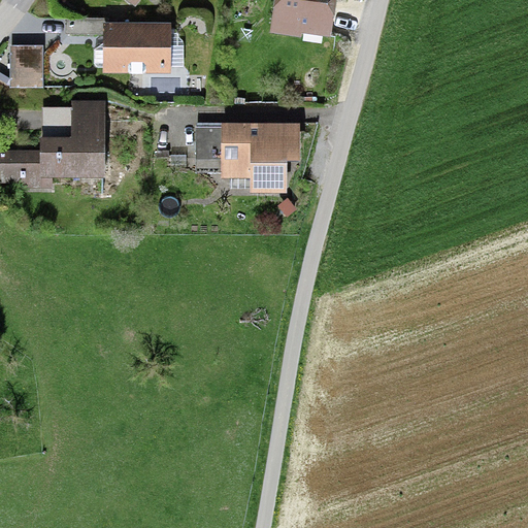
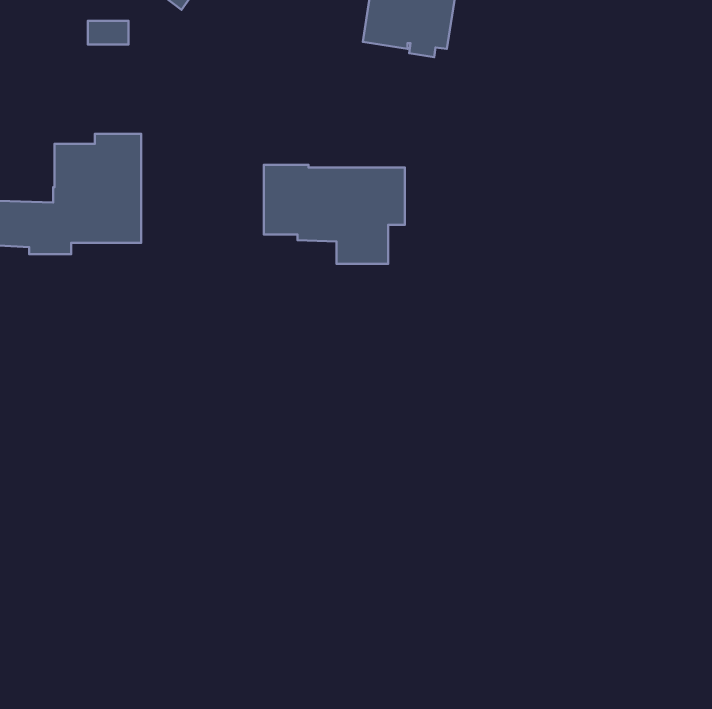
building: [102,23,184,73] -> none
building: [8,44,43,86] -> none

